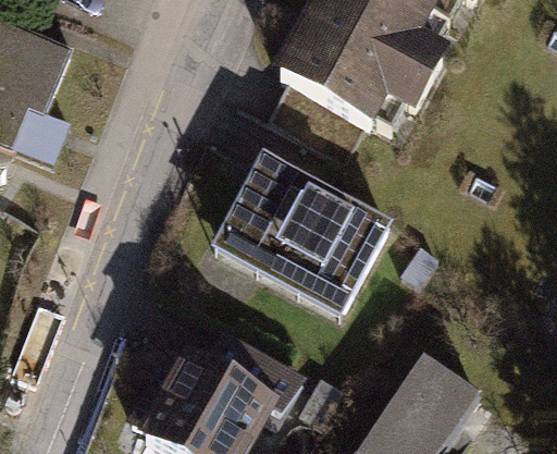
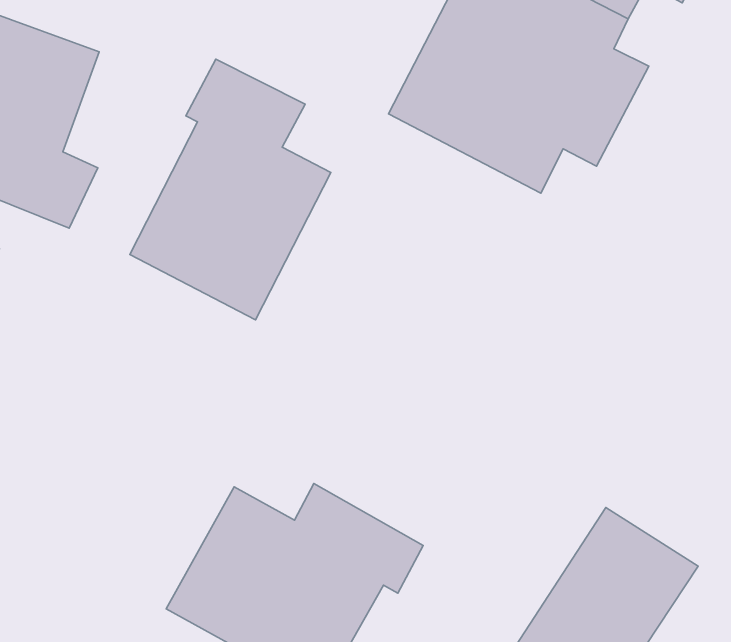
building: none -> [130,59,331,320]
building: [207,156,389,318] -> none

